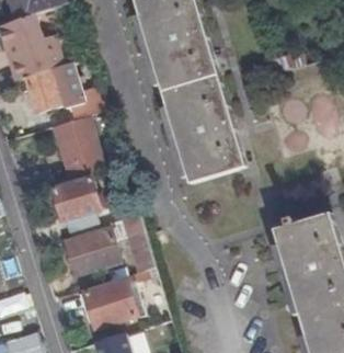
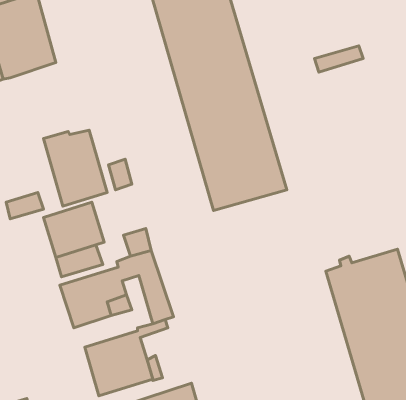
building: [24,64,105,121] -> none

